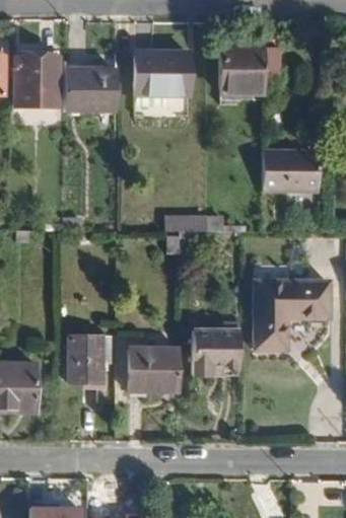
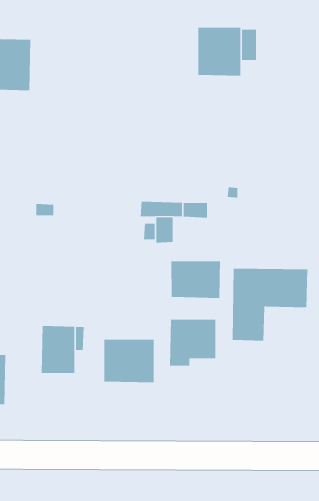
building: [135,52,189,95] -> none
building: [65,68,116,112] -> none
building: [263,151,319,192] -> none
building: none -> [171,260,221,299]

